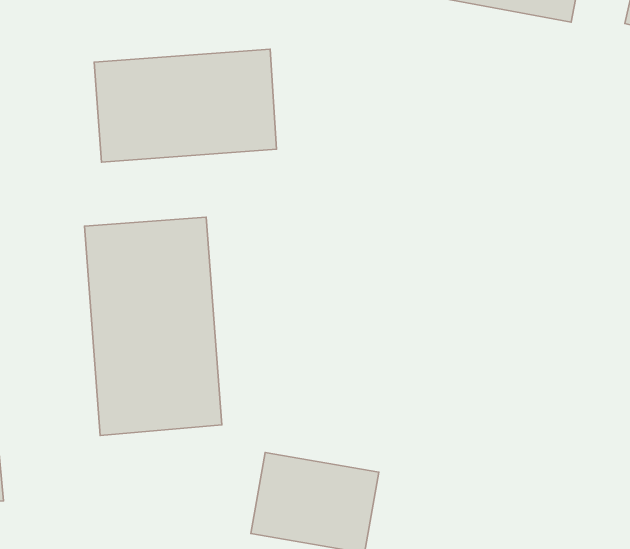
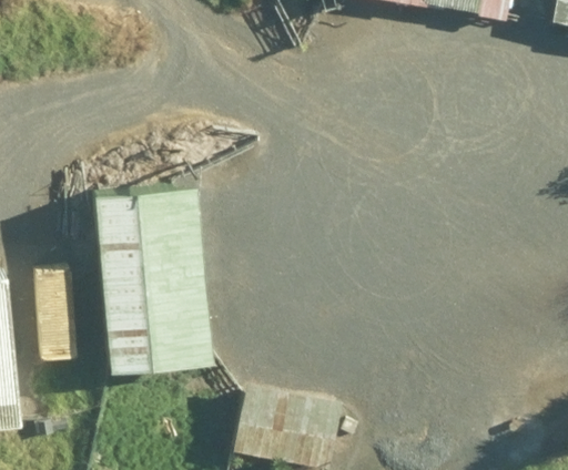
building: [94,49,276,162] -> none

